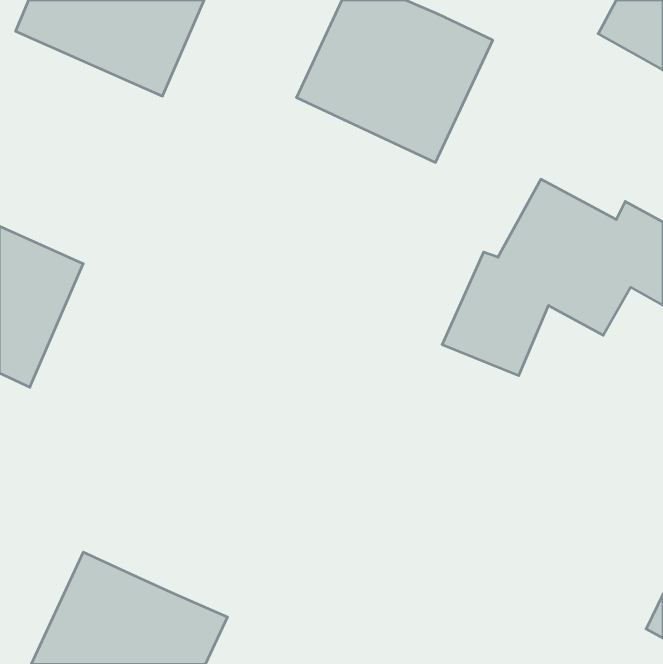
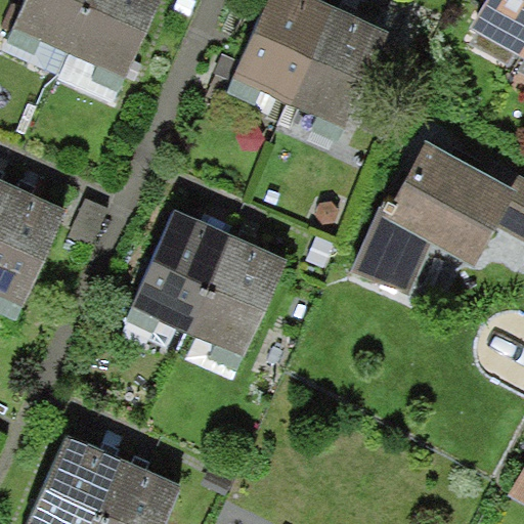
building: none -> [128,209,286,356]

